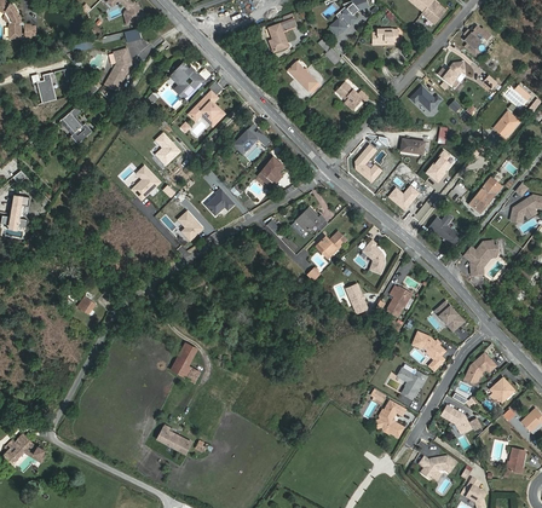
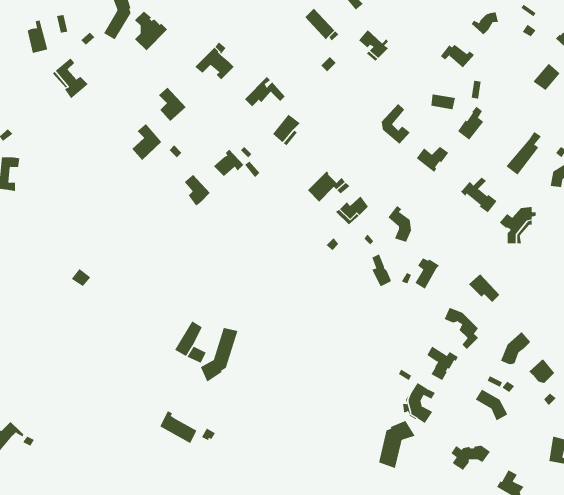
building: [174,63,204,99] -> [134,11,168,51]
building: none -> [200,327,238,383]
building: none -> [379,420,415,469]

